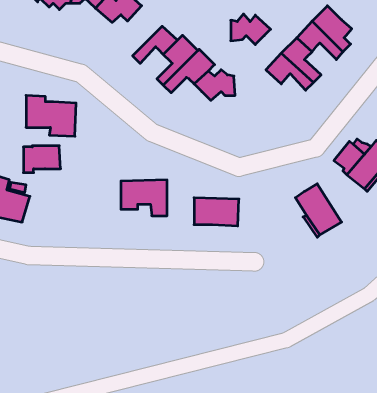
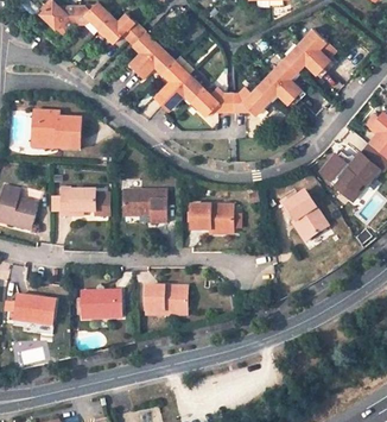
building: none -> [127,32,160,74]
building: [231,14,271,45] -> [234,86,271,114]
building: [23,146,61,173] -> [61,190,95,215]
building: none -> [145,285,186,310]
building: none -> [80,292,120,317]
building: none -> [17,295,57,325]

